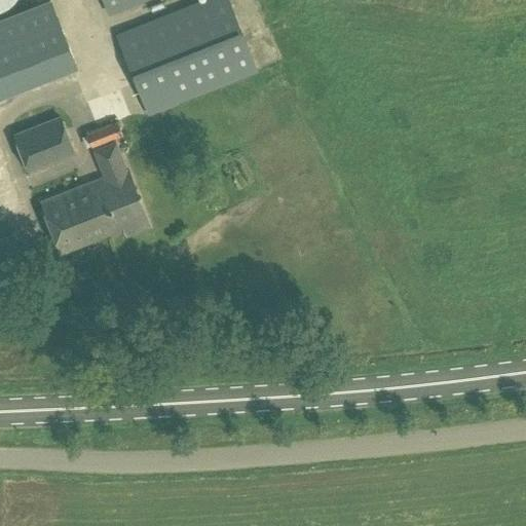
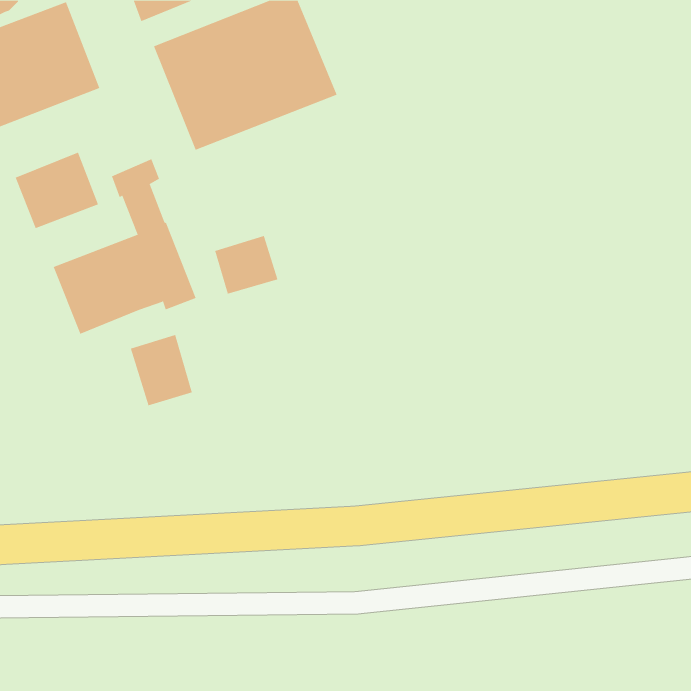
building: none -> [214,235,278,294]
building: none -> [130,334,192,406]

